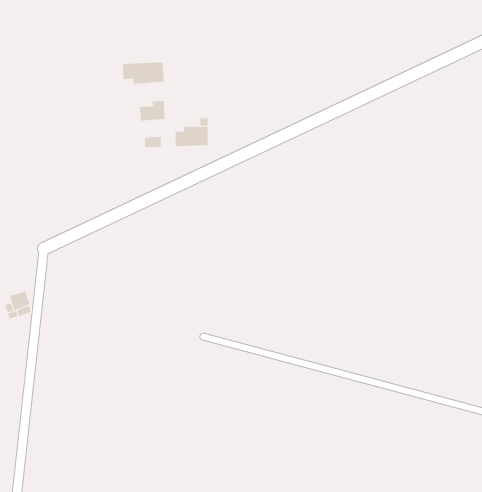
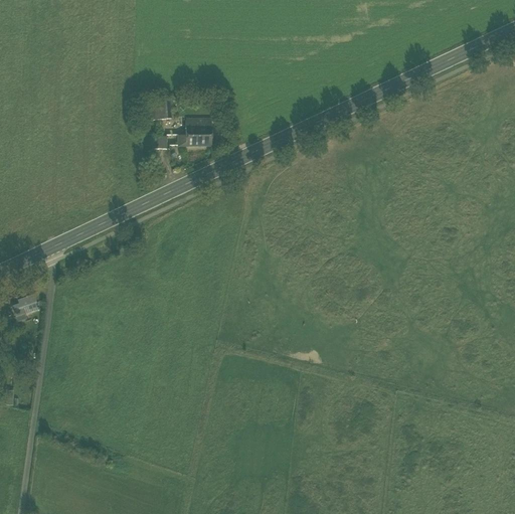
building: [122,61,164,84] -> none

